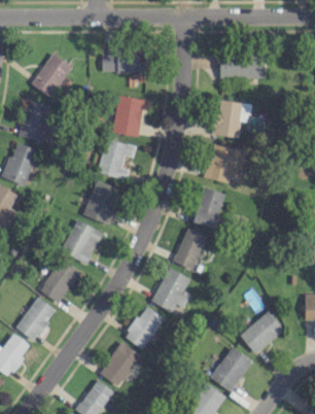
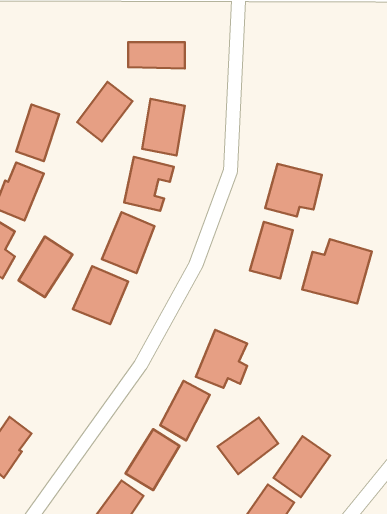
building: [32,54,73,98] -> [77,82,132,141]
building: [220,57,266,79] -> none
building: [214,101,251,138] -> none
building: none -> [302,239,372,303]
building: [174,229,207,270] -> none
building: [40,258,80,304] -> [18,236,72,297]
building: [15,298,57,341] -> none
building: [239,312,284,354] -> [217,417,278,474]

